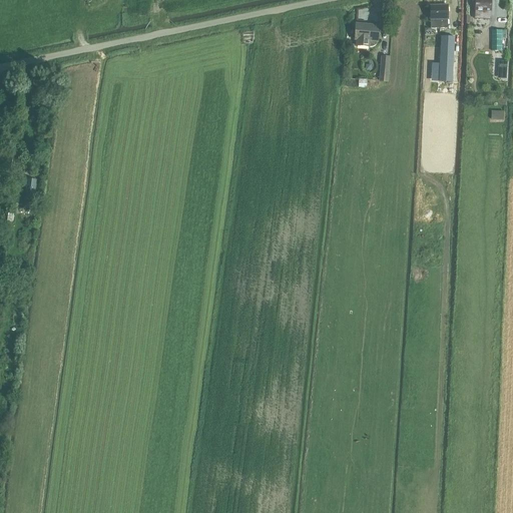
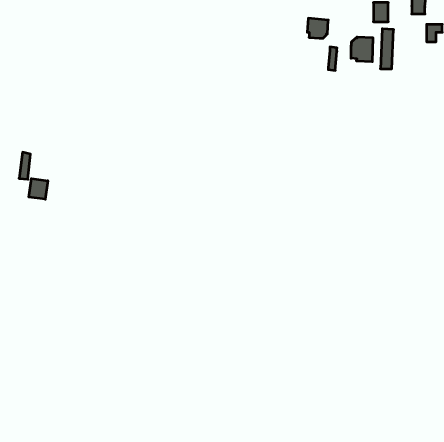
building: none -> [351,37,373,62]
building: none -> [29,179,48,199]

